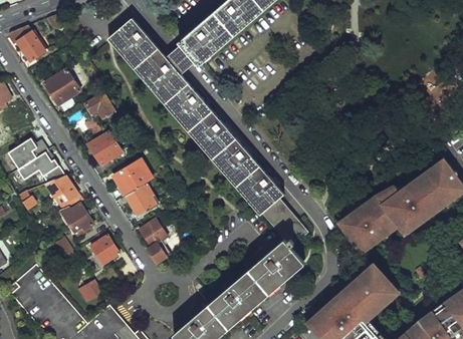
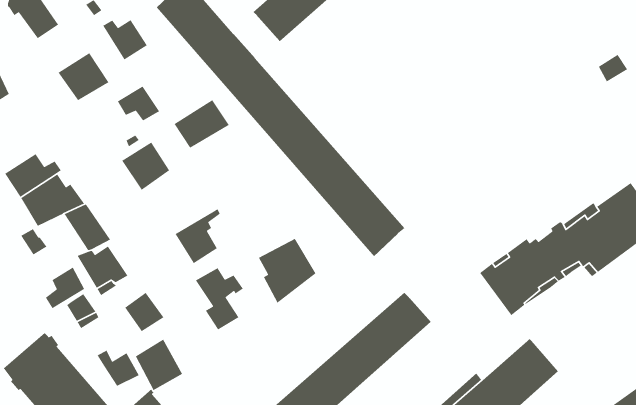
building: [167,44,197,74] -> none
building: none -> [102,19,148,60]
building: [113,162,153,197] -> [174,99,230,148]
building: [264,197,307,241] -> none
building: none -> [258,238,316,304]
building: none -> [45,266,85,309]
building: none -> [135,338,183,391]

